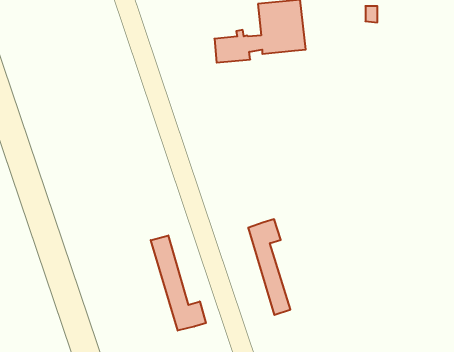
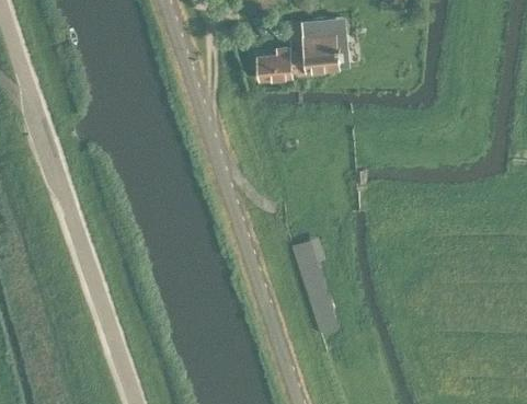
building: [151,235,206,331] -> none

